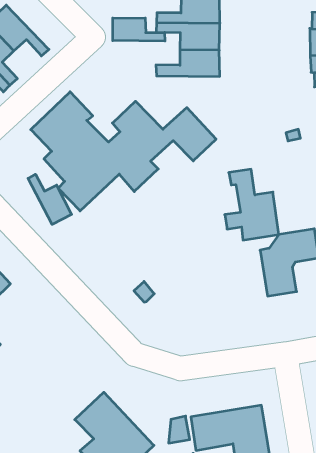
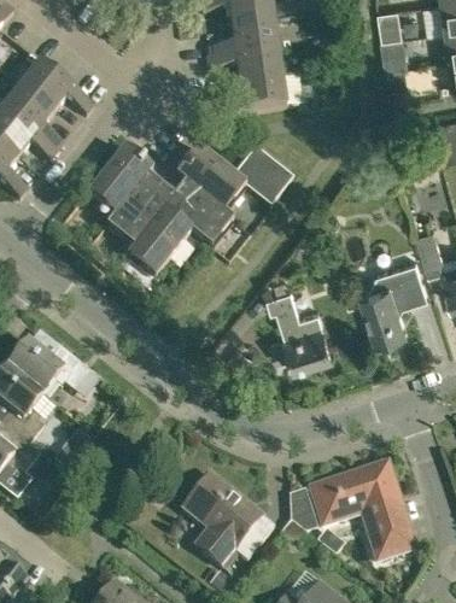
building: [113,18,165,41] -> none
building: [225,169,279,240] -> [267,288,332,368]
building: [28,174,72,224] -> none

